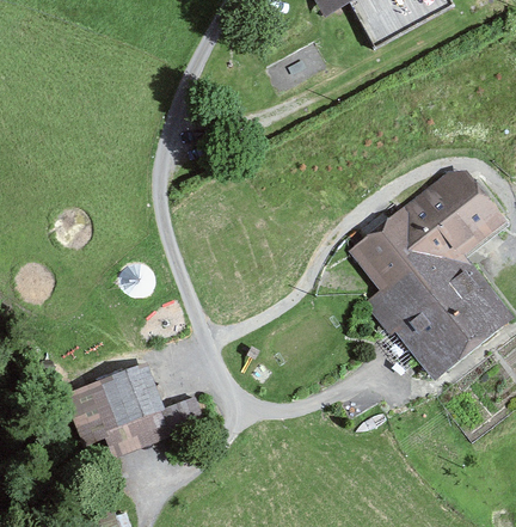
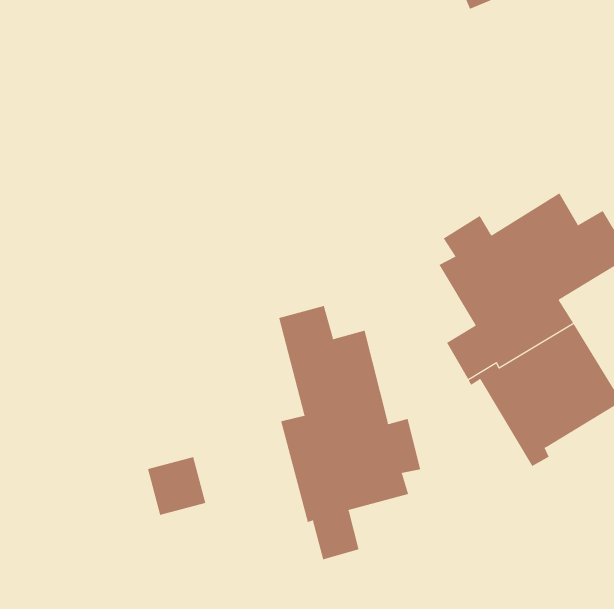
building: none -> [278,305,421,560]
building: [73,360,178,468] -> none

